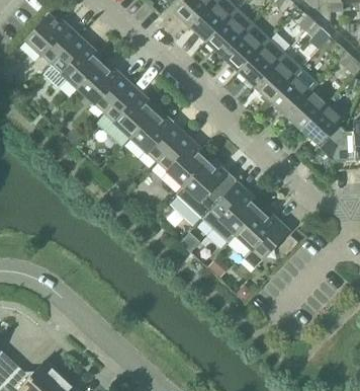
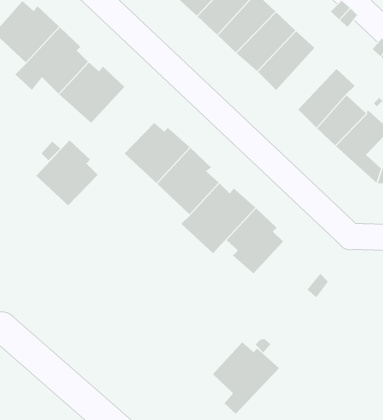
building: [254,53,302,102] -> none
building: [105,84,156,138] -> [36,139,98,206]
building: [236,209,290,267] -> [212,342,280,415]

